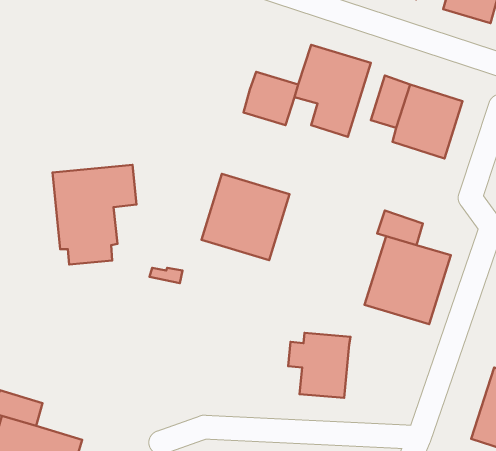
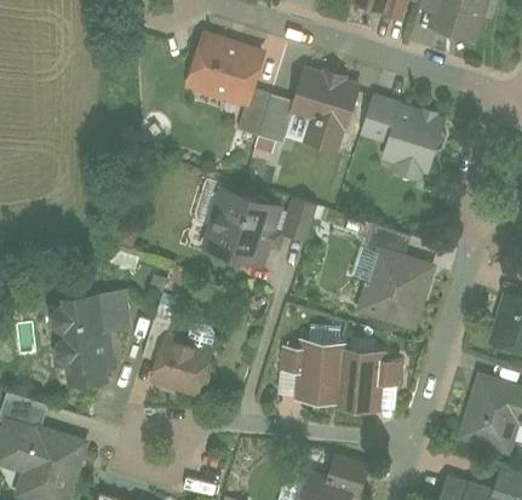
building: none -> [182,29,264,107]
building: [53,165,136,264] -> [52,289,132,384]
building: none -> [282,199,317,241]
building: none -> [150,331,213,396]
building: none -> [334,349,402,410]

